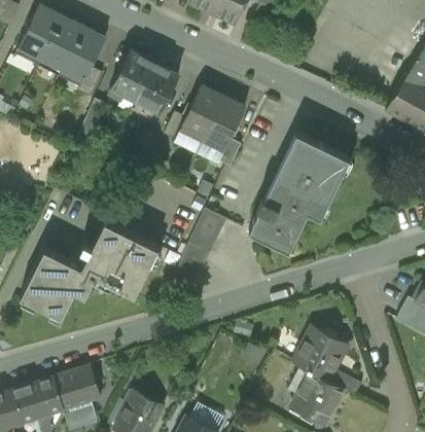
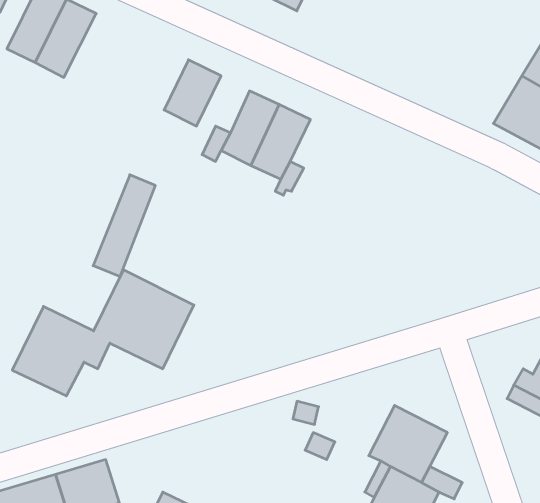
building: [60,26,106,84] -> none
building: [109,48,154,101] -> none
building: [249,132,350,250] -> none
building: [176,206,223,283] -> [93,175,155,276]

